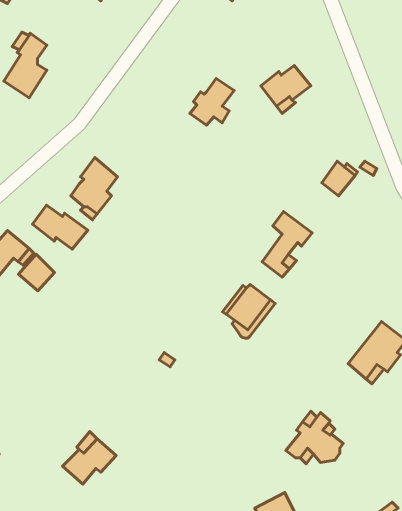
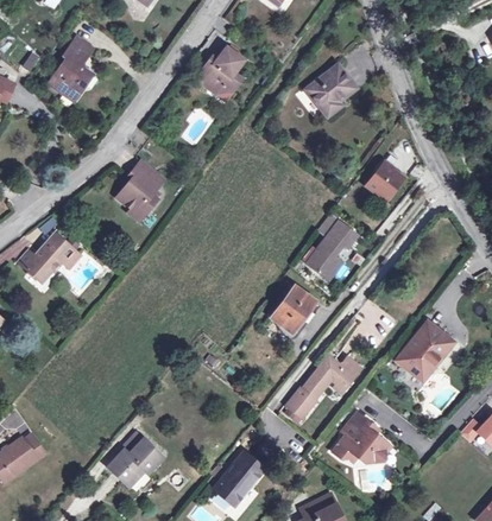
building: [190,79,234,125] -> [201,46,245,93]
building: [32,205,88,249] -> none
building: [18,254,54,291] -> none
building: none -> [286,357,361,418]
building: none -> [215,452,264,504]

